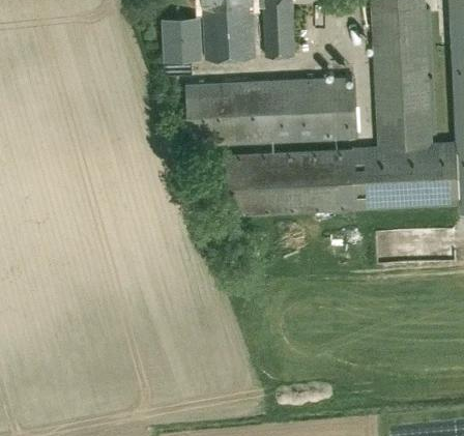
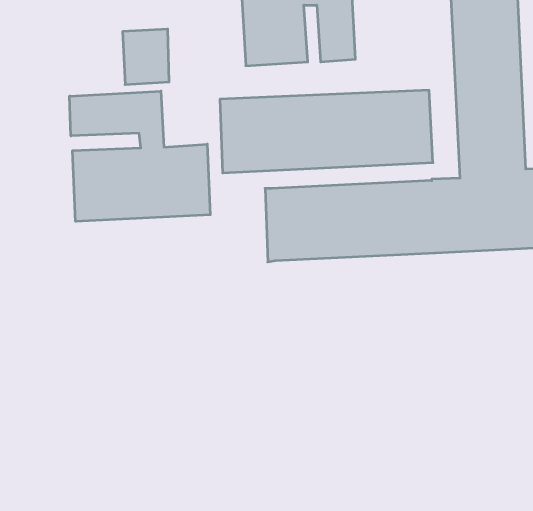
building: [164,17,201,61] -> [123,29,169,85]
building: none -> [70,91,210,221]

